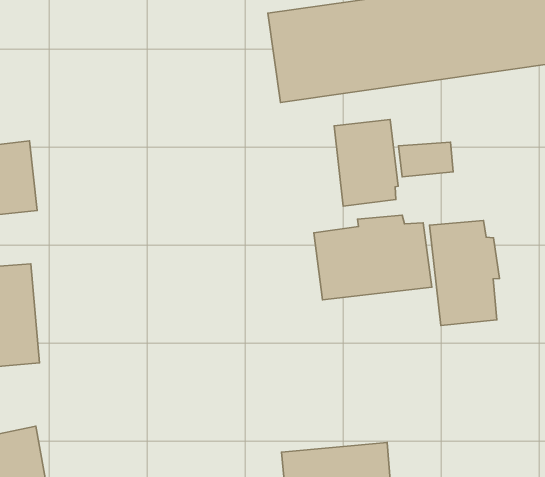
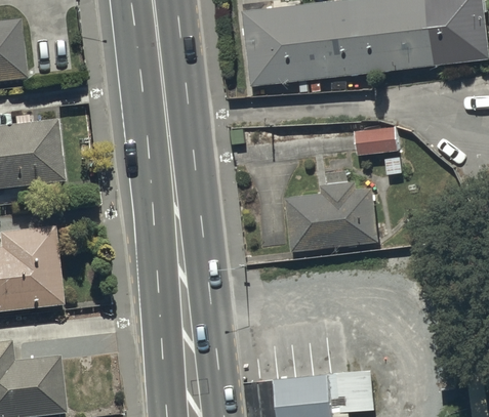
building: [334,119,398,206] -> none
building: [430,220,499,325] -> none

